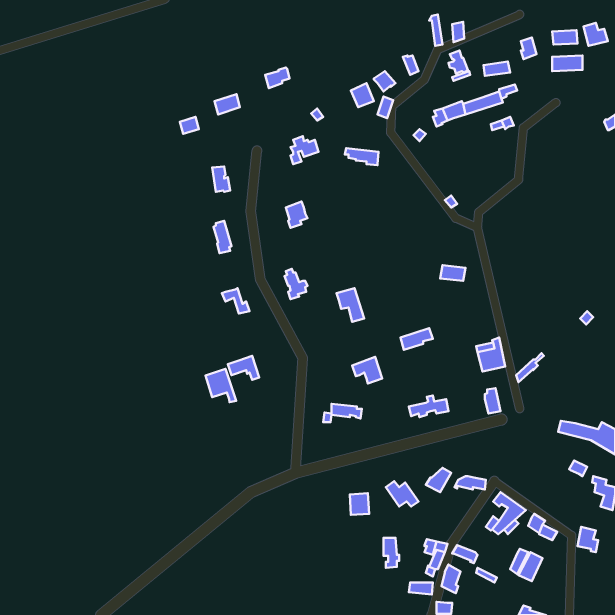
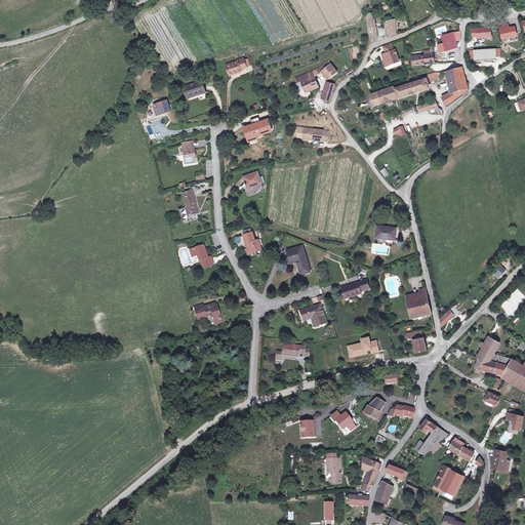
building: none -> [442,66,467,106]
building: [206,369,236,402] -> none
building: none -> [477,336,512,365]

